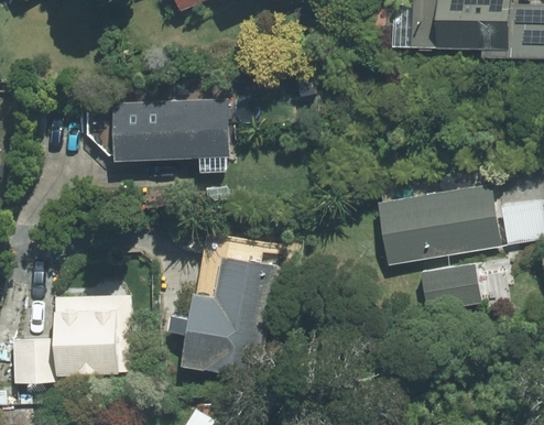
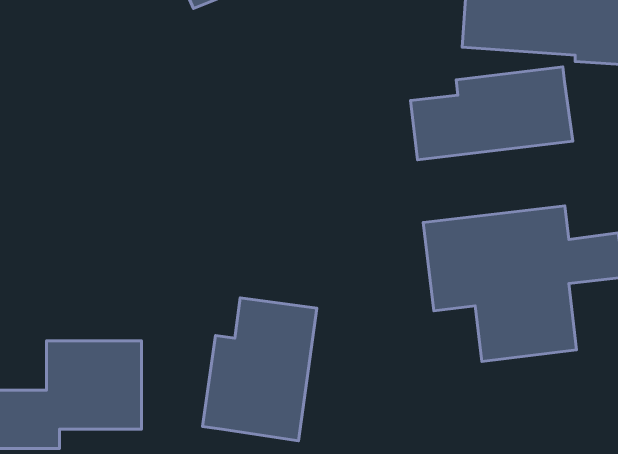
building: none -> [411,67,573,160]
building: [79,100,227,165] -> none

